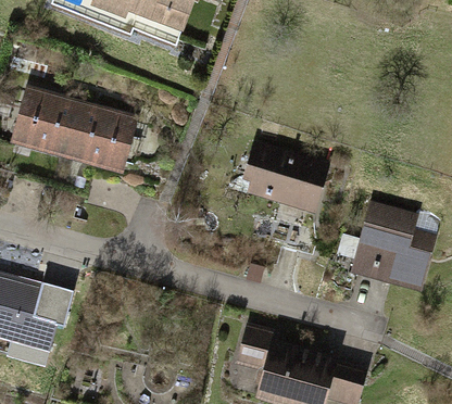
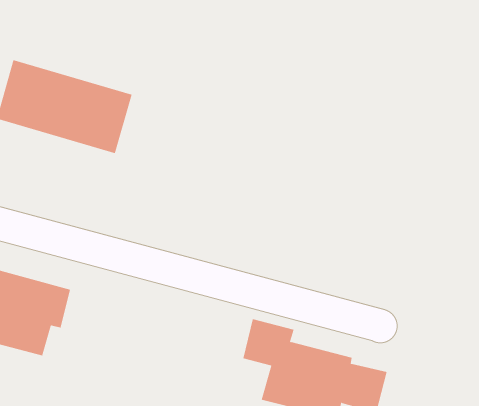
building: [241,141,330,214] -> none
building: [337,200,436,290] -> none

